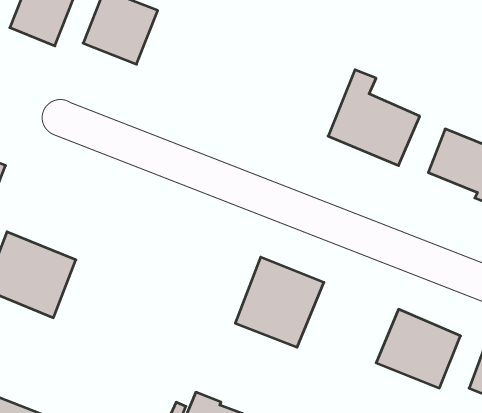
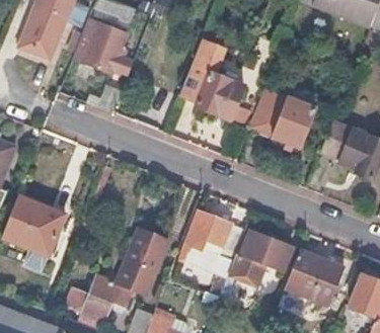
building: none -> [179,41,243,121]
building: none -> [68,226,169,318]
building: none -> [232,231,293,284]

